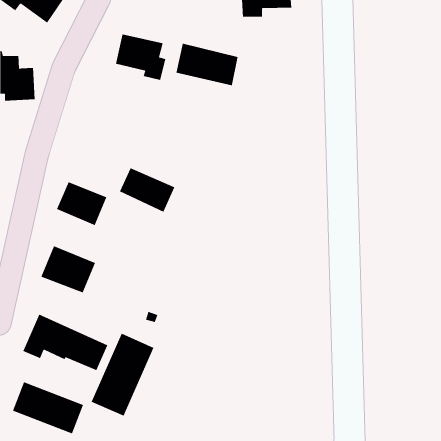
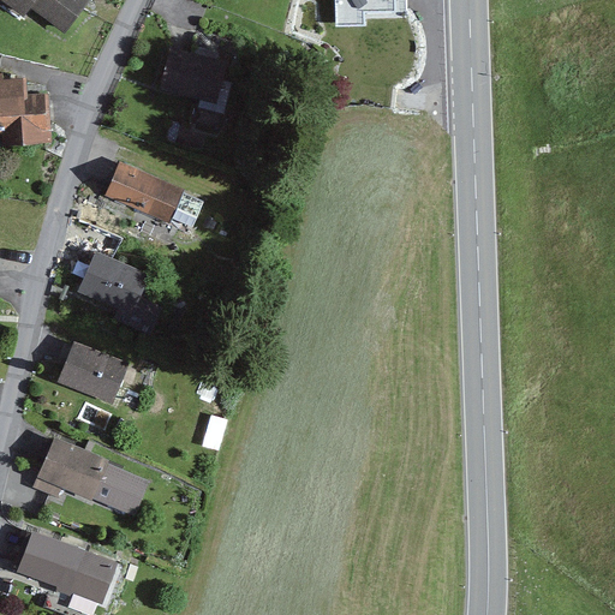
building: [176,43,238,86] -> none
building: [119,167,175,212] -> [105,161,183,223]
building: [91,333,154,417] -> none

